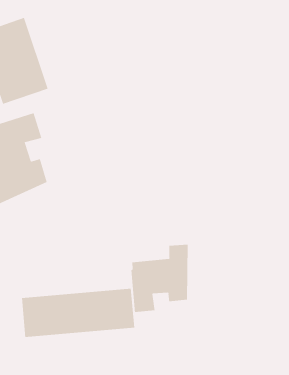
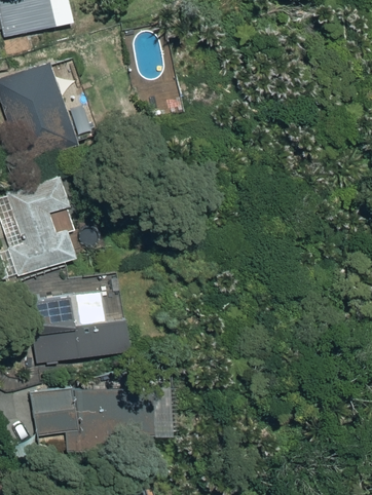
building: none -> [33,288,129,369]
building: [131,244,188,313] -> none

